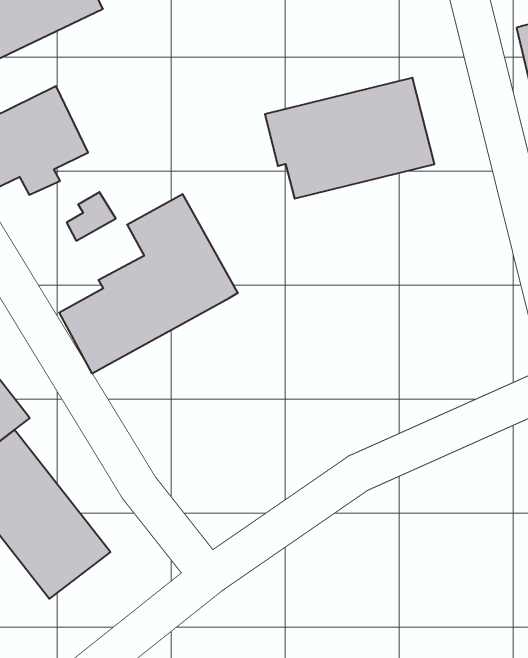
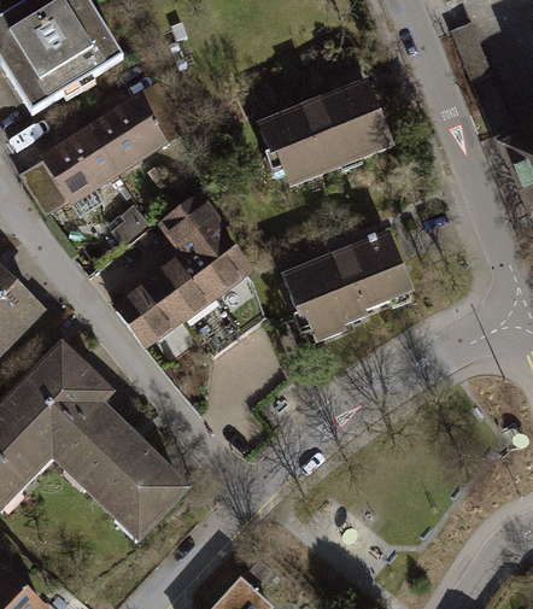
building: none -> [89,80,187,172]
building: none -> [282,229,417,342]

